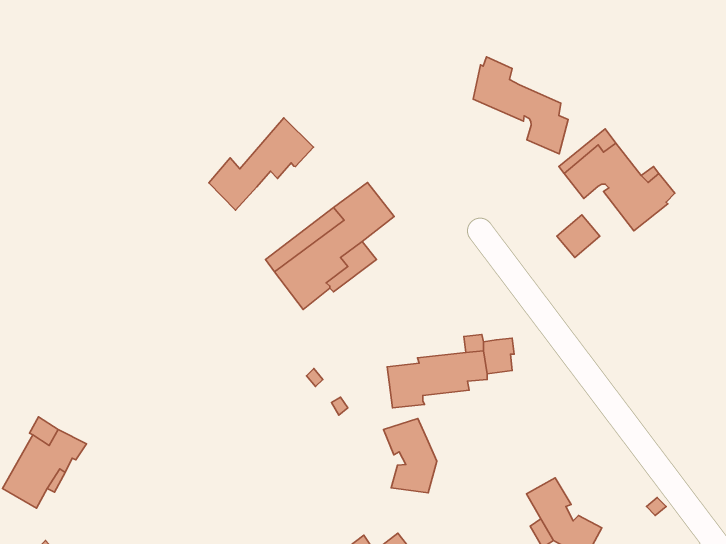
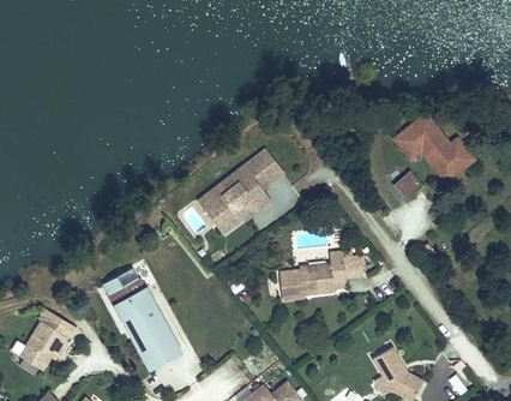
building: [473,57,568,154] -> none
building: [209,118,314,210] -> none
building: none -> [101,264,181,366]
building: [383,418,437,493] -> none

